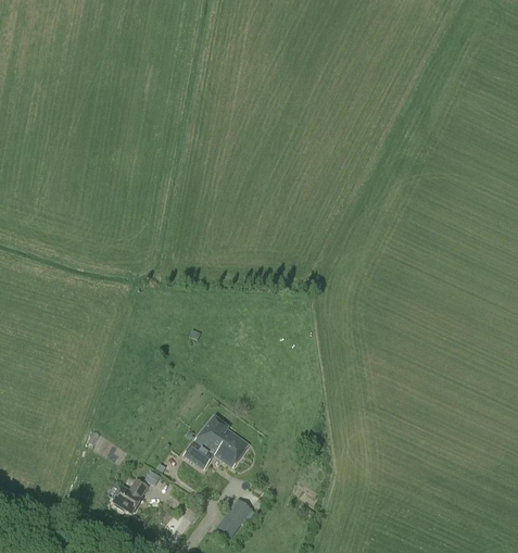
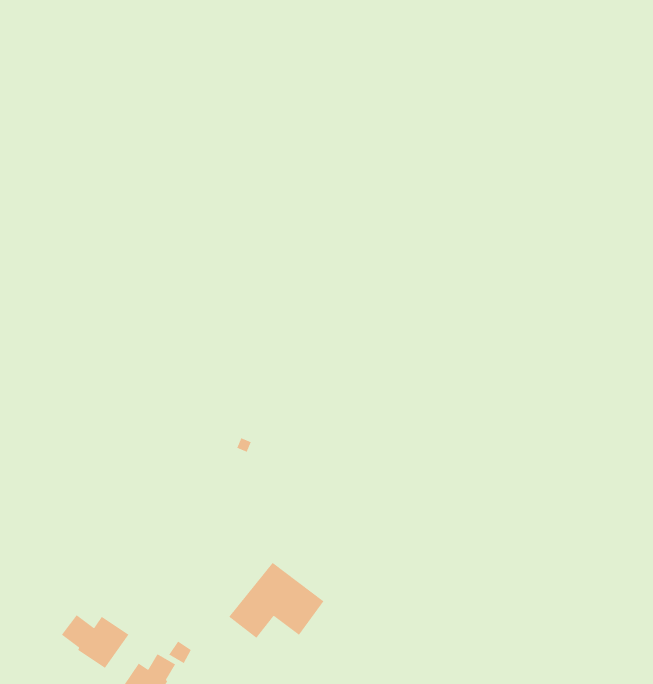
building: none -> [61,614,129,669]

